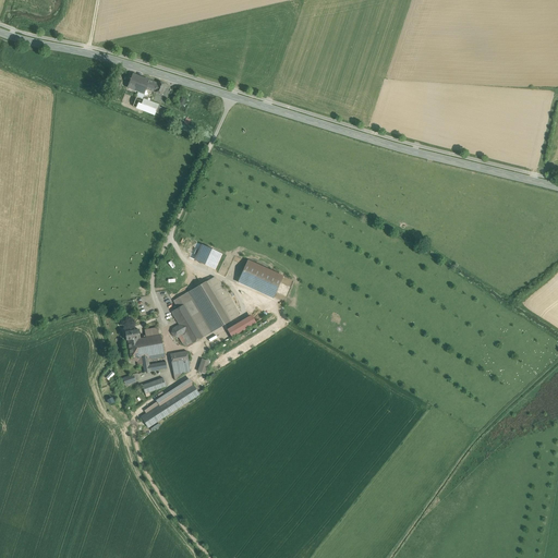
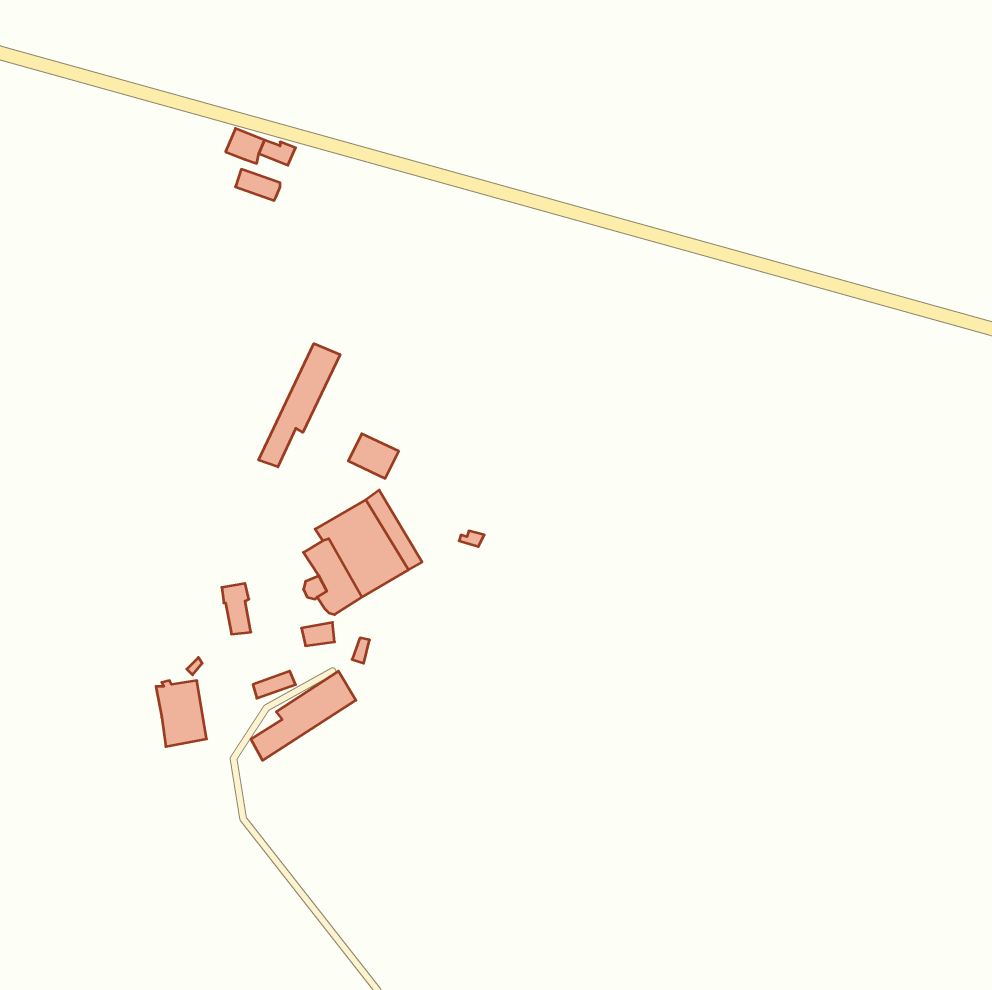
building: none -> [259,344,340,467]
building: [236,259,281,296] -> none
building: [137,333,166,371] -> [156,681,207,747]

